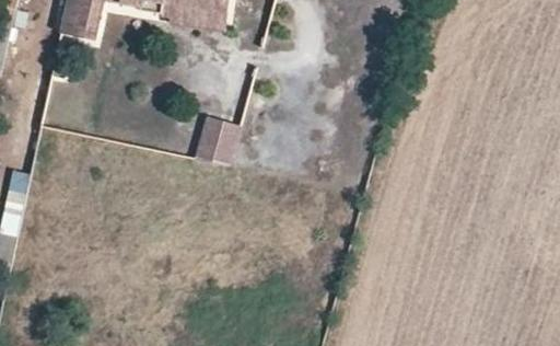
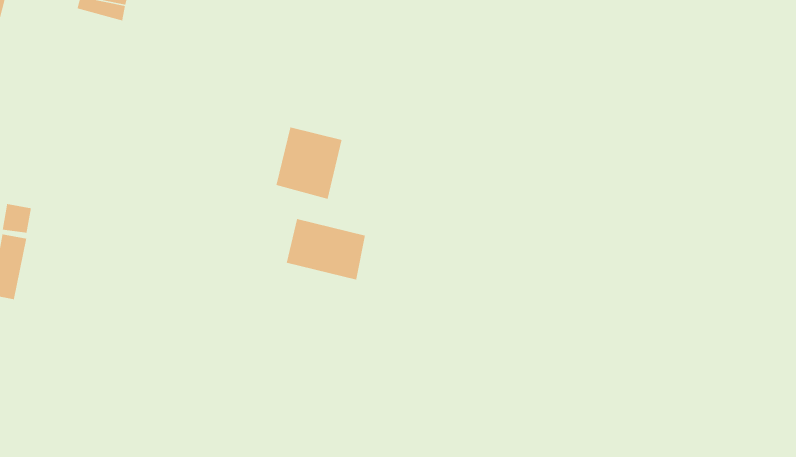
building: none -> [286,218,366,281]

